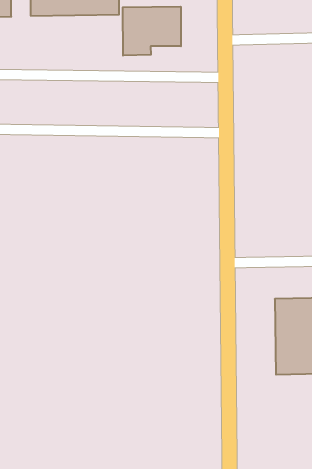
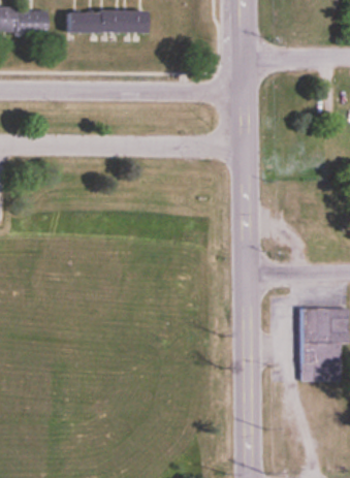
building: [123,7,181,56] -> none

